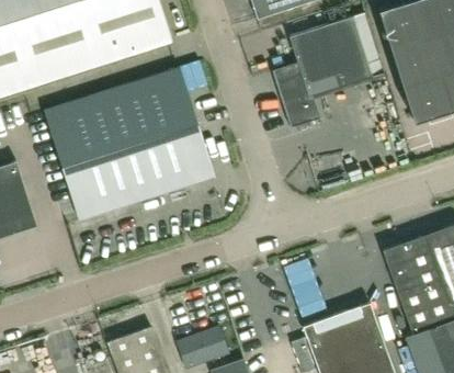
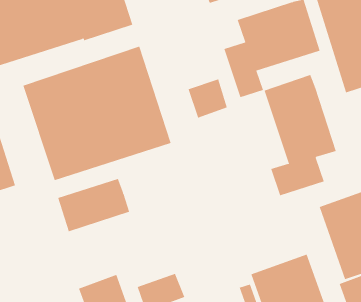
building: none -> [264,74,337,196]
building: none -> [188,79,227,118]
building: none -> [58,178,130,232]

